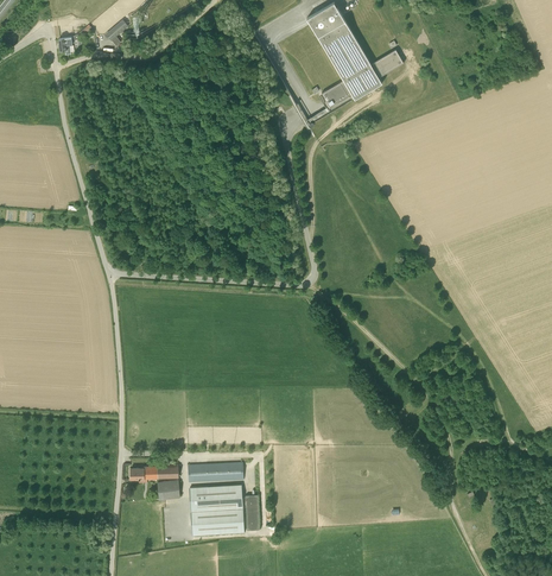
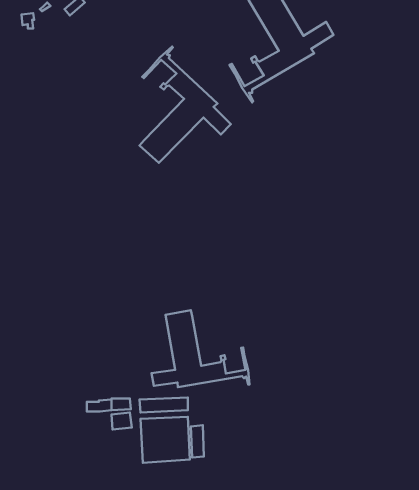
building: none -> [139,46,231,163]
building: none -> [152,310,250,387]

